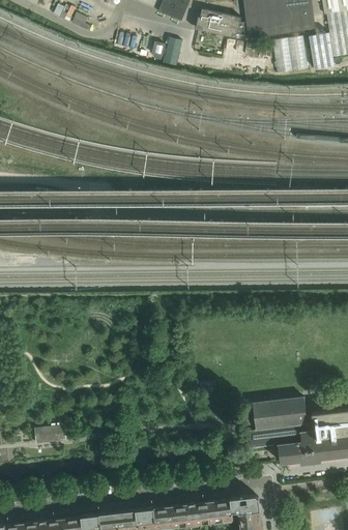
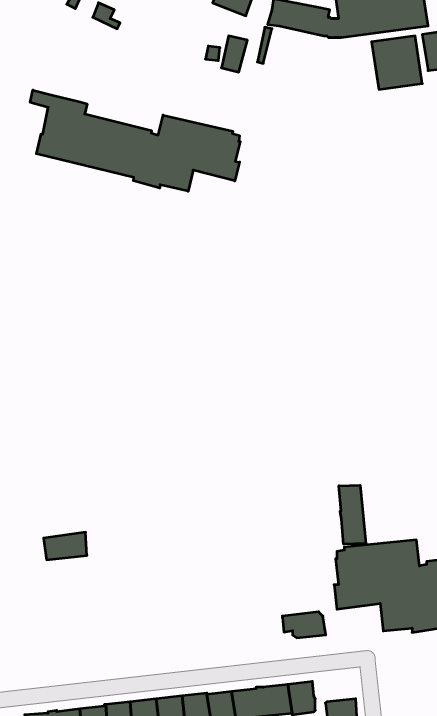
building: none -> [30,90,240,191]
building: none -> [339,485,366,544]
building: [35,425,66,445] -> [44,532,87,560]
building: [230,496,261,514] -> [282,612,326,638]

